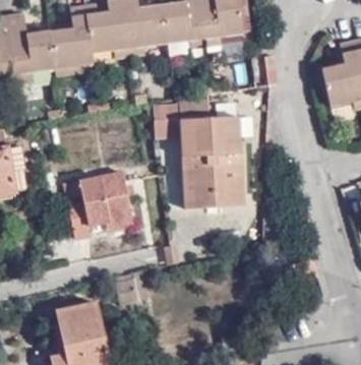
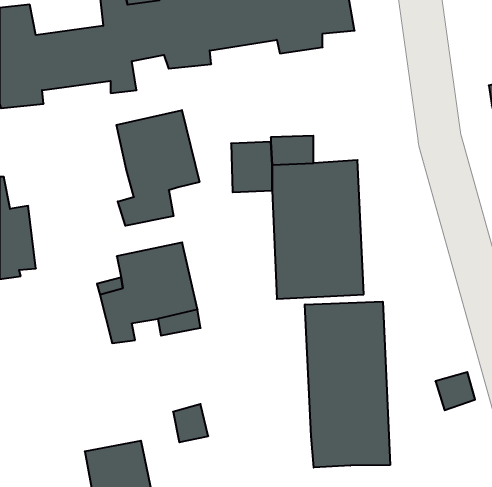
building: none -> [116,110,199,226]
building: none -> [305,302,390,468]

